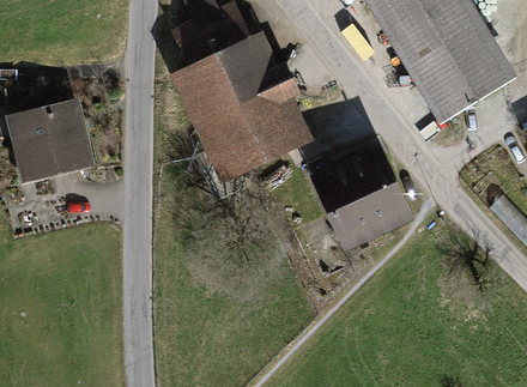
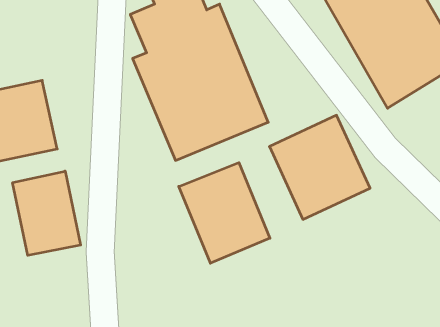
building: none -> [179,163,270,263]
building: none -> [13,171,81,255]

